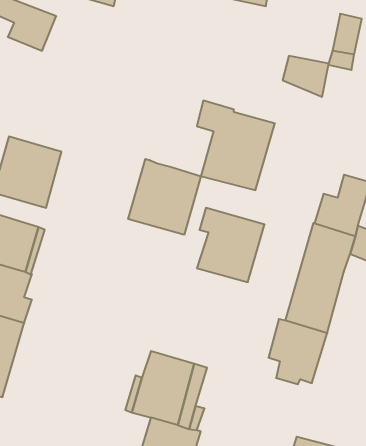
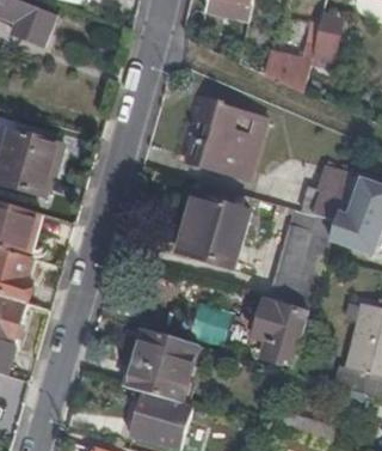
building: [128,159,201,235] -> none

